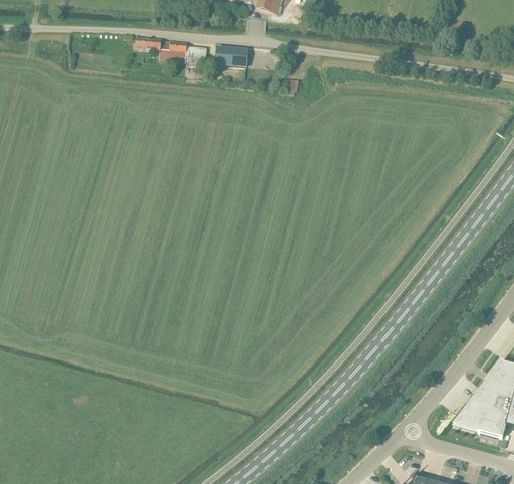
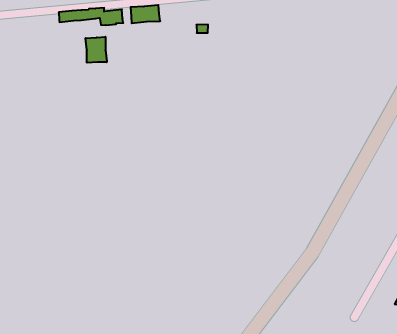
building: none -> [86,37,107,63]

